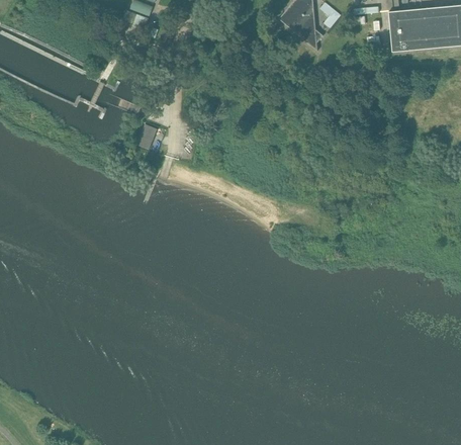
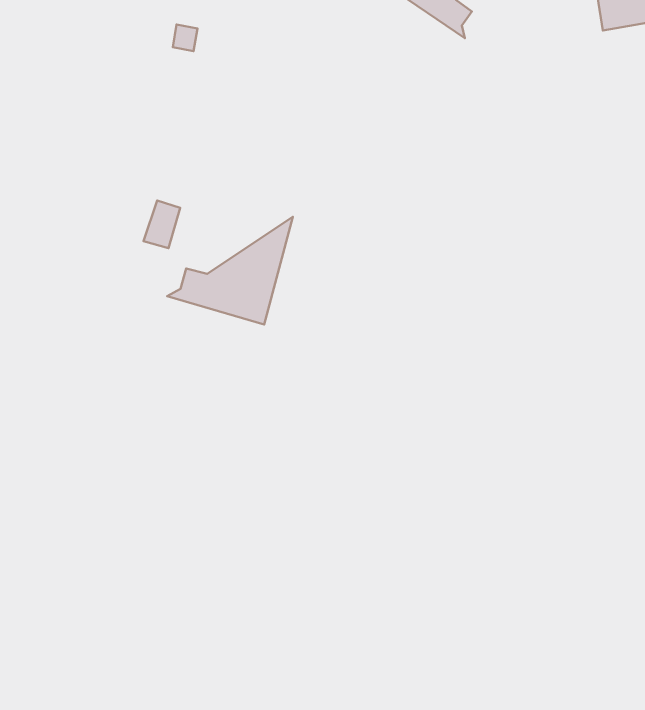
building: none -> [167,217,293,325]

